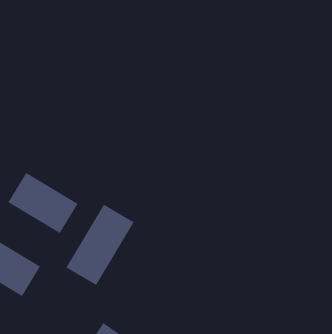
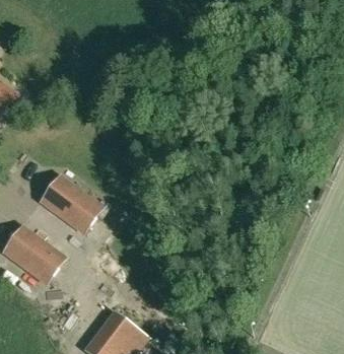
building: [66,204,135,286] -> none

